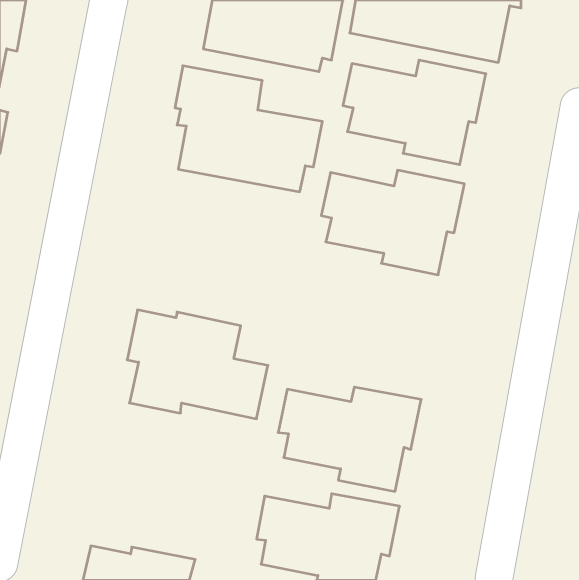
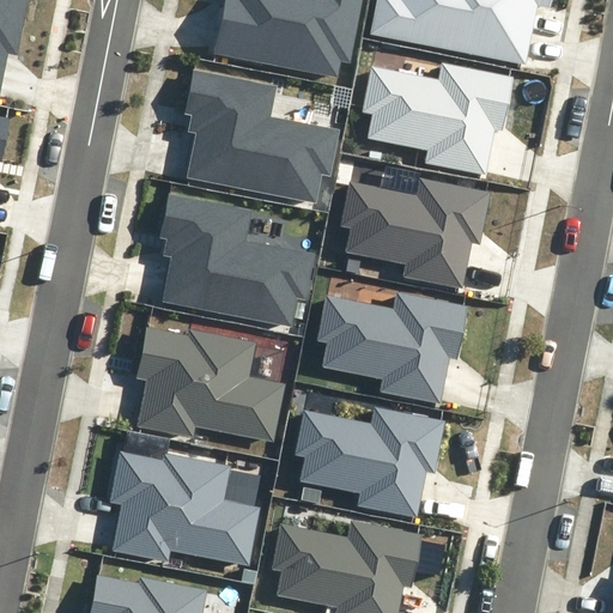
building: none -> [159,194,315,327]
building: none -> [316,293,466,403]
building: none -> [107,450,259,565]

